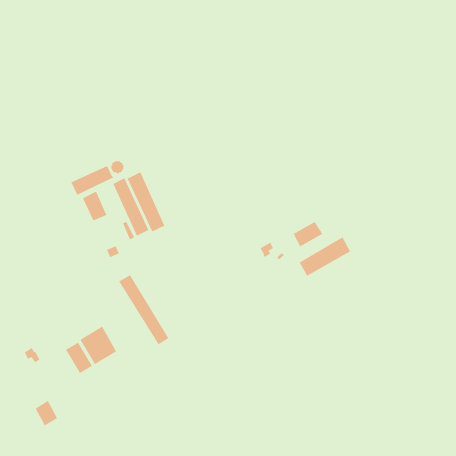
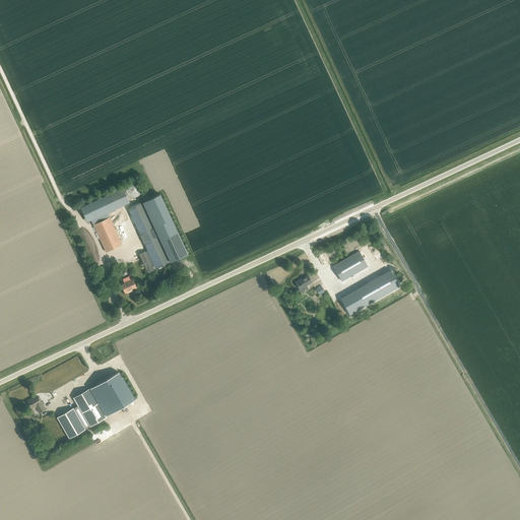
building: [118,274,169,345] -> none
building: [35,400,58,426] -> [58,408,84,438]

